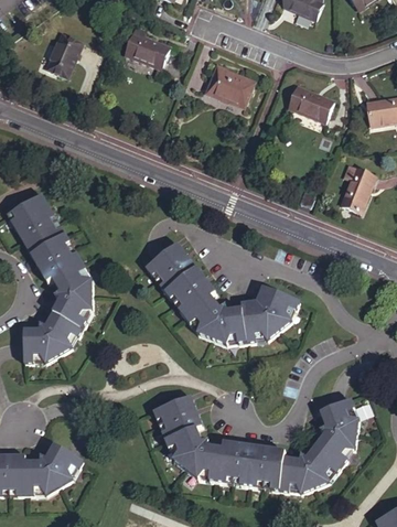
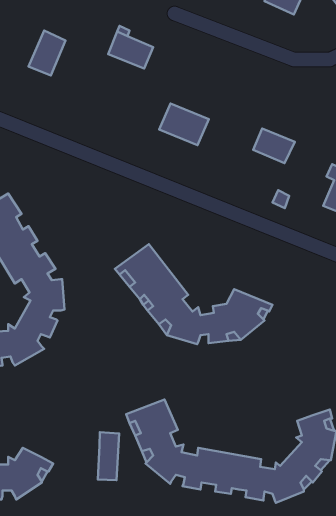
building: [214,67,262,108] -> [159,104,209,145]
building: [297,90,337,125] -> [253,128,295,163]
building: none -> [98,432,119,480]

